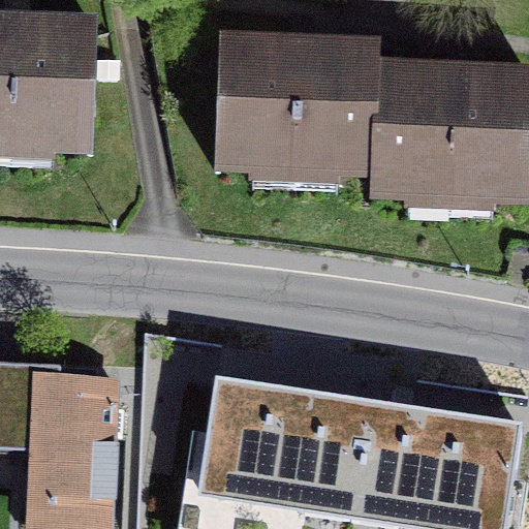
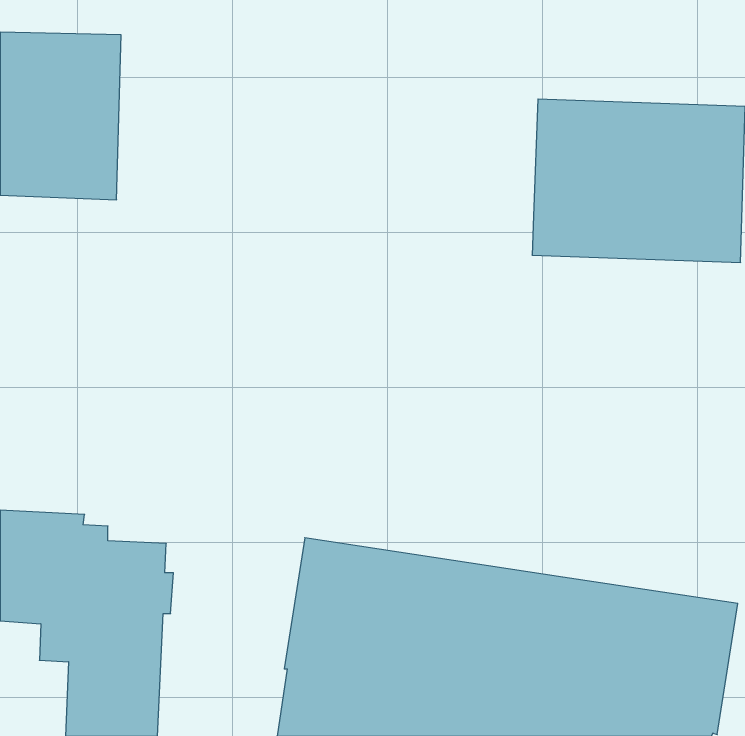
building: [212,34,382,153] -> none

